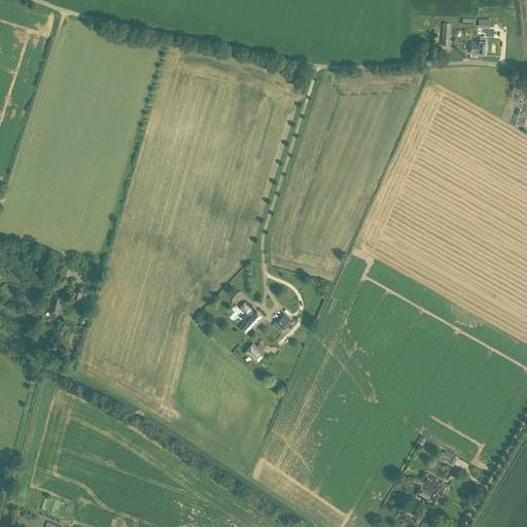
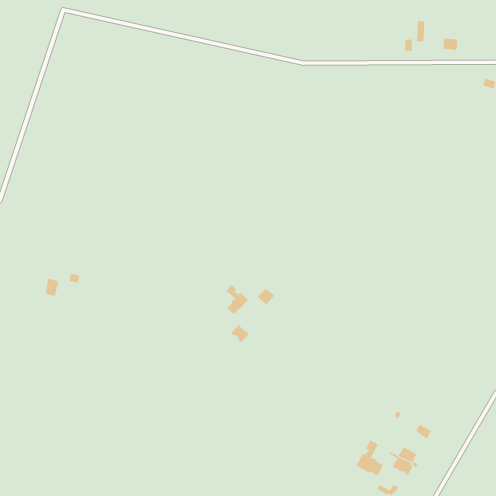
building: none -> [356,439,384,476]

